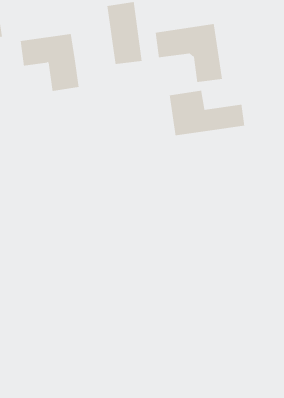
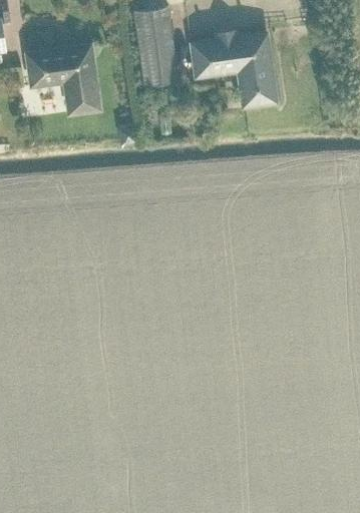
building: [169,90,245,136] -> none

